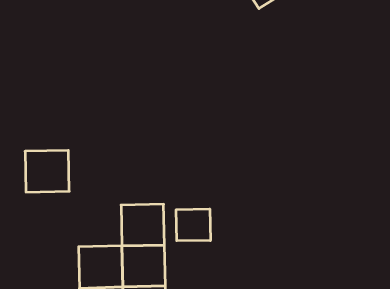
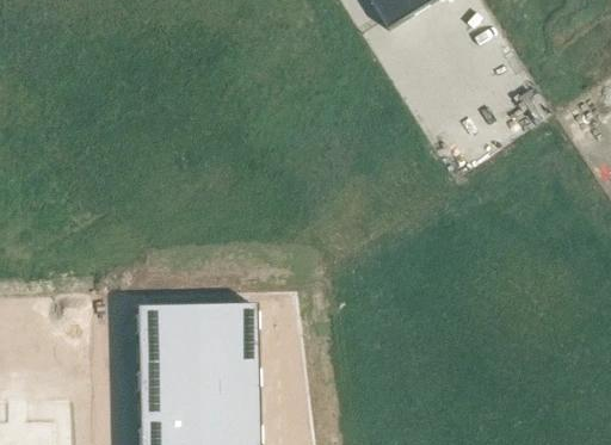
building: [25,150,69,192] -> [137,304,199,363]
building: [176,209,210,241] -> none

